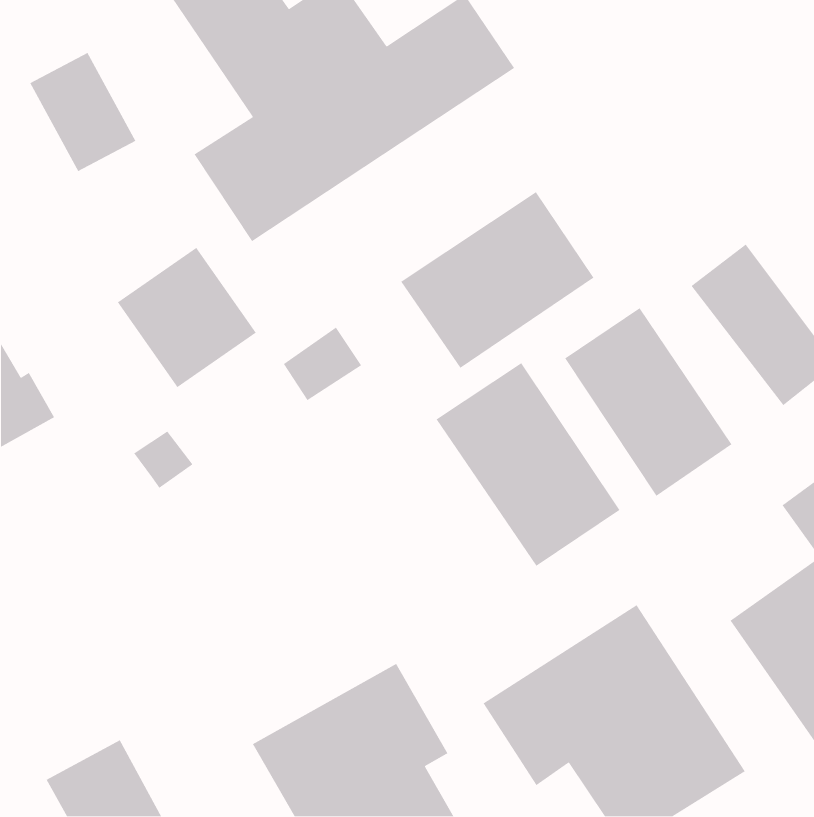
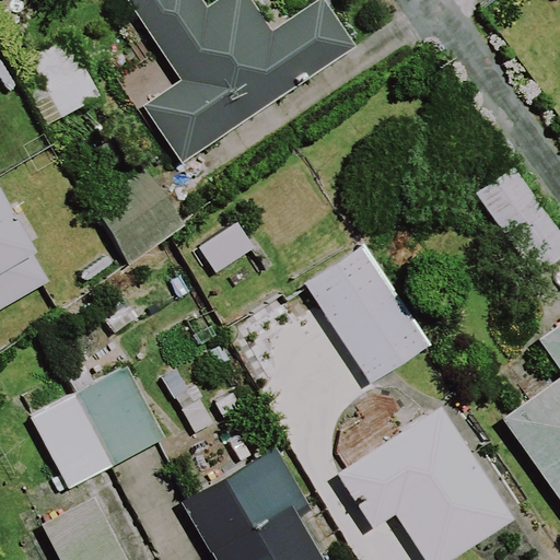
building: [400,191,594,369] -> none
building: [564,307,733,497] -> none
building: none -> [32,365,166,488]

